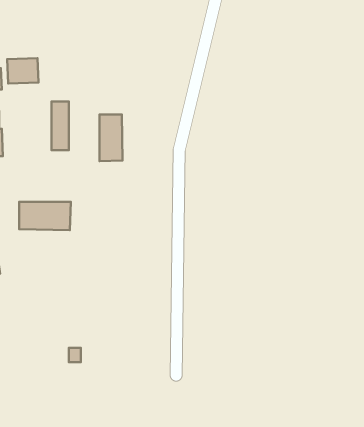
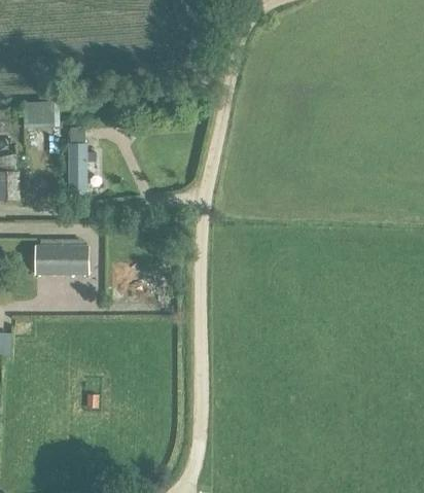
building: [100,115,123,161] -> none

